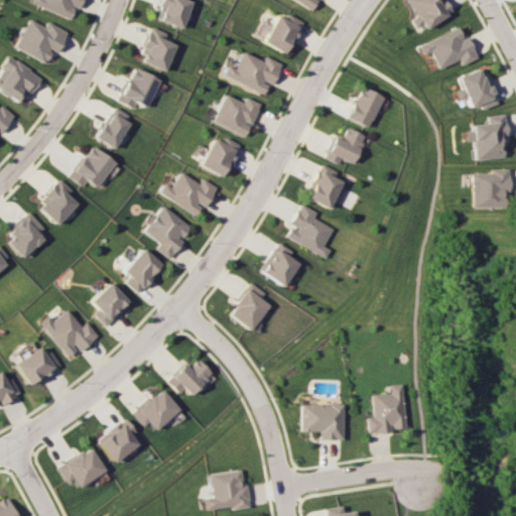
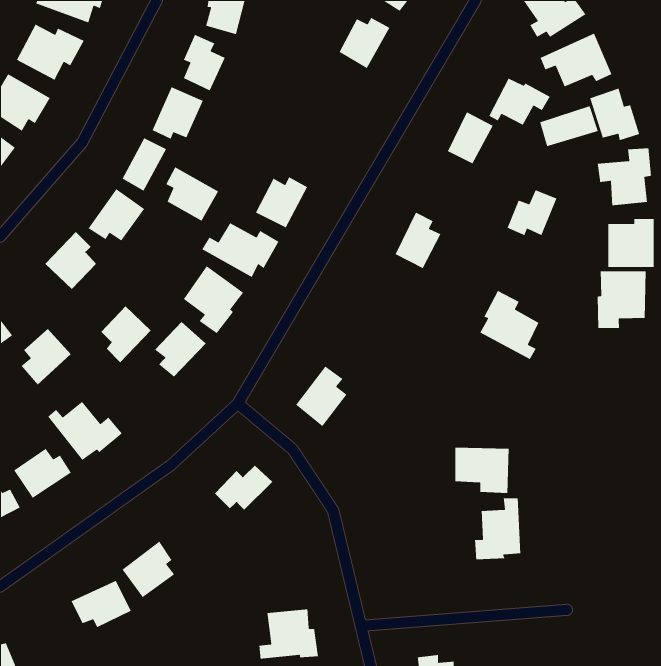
building: [226,51,284,93] -> none
building: none -> [488,78,551,126]
building: none -> [539,105,599,147]
building: [215,94,263,137] -> none
building: [329,128,368,164] -> [506,189,557,236]
building: none -> [165,166,219,222]
building: [290,204,337,258] -> [479,290,539,360]
building: none -> [597,271,646,329]
building: [12,213,51,257] -> [21,328,72,386]
building: [264,242,303,286] -> none
building: [92,282,131,327] -> [101,306,151,363]
building: [135,389,181,429] -> none
building: [304,404,347,440] -> [455,447,510,494]

